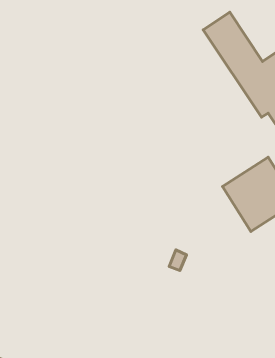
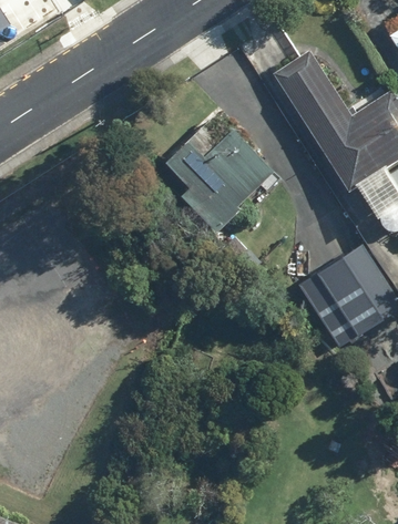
building: none -> [166,130,273,234]

